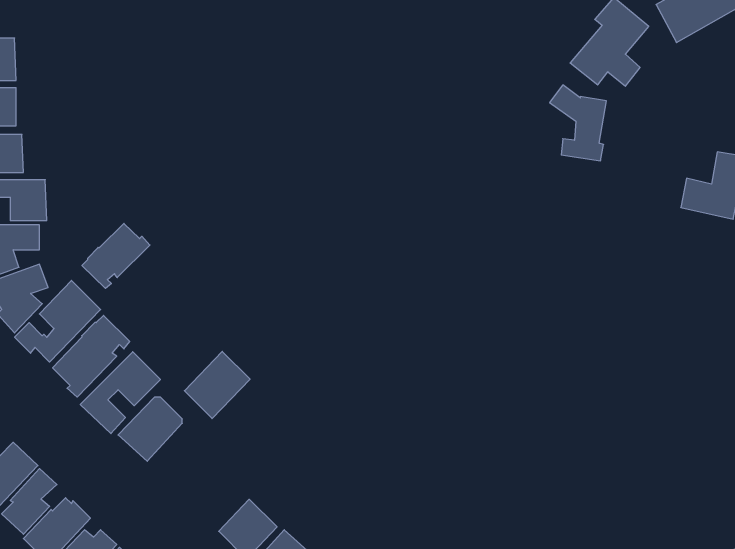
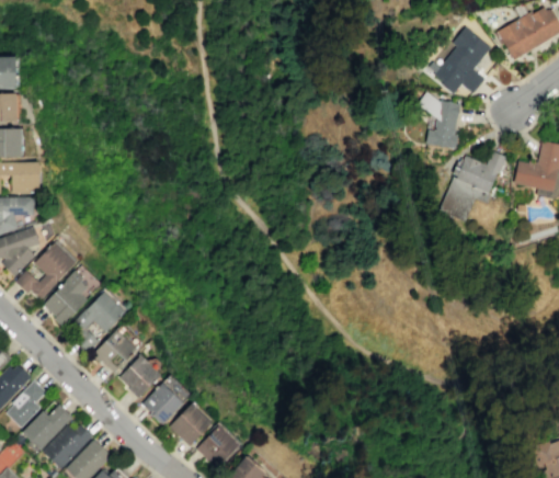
building: none -> [441,151,509,221]
building: [82,223,150,288] -> none
building: [184,351,250,419] -> [142,374,192,424]
building: none -> [117,354,161,398]

